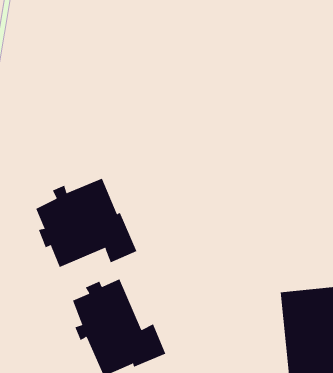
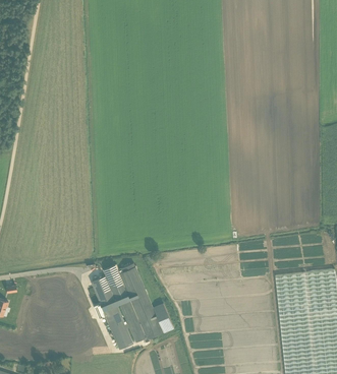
building: [35,178,137,268] -> none

